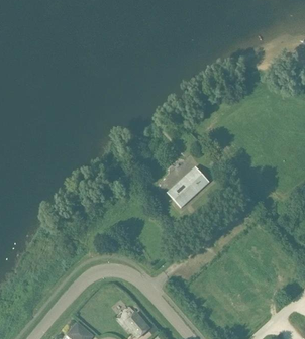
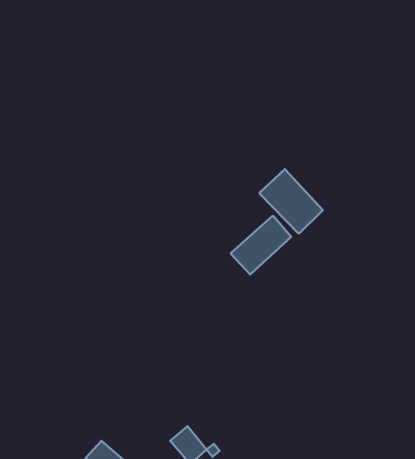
building: none -> [260,169,323,233]

